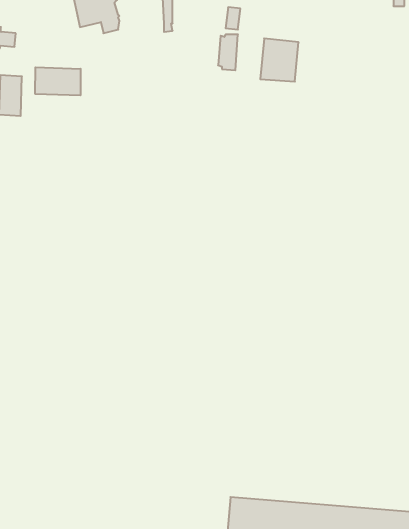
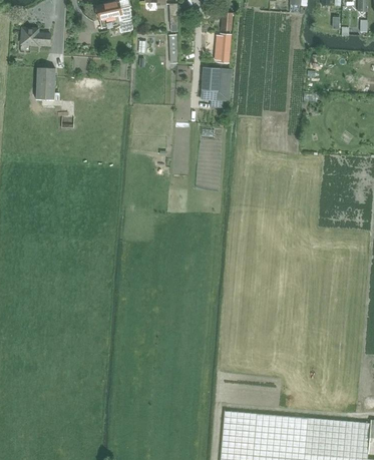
building: [260,38,299,82] -> [201,66,232,101]
building: [35,67,81,95] -> none

